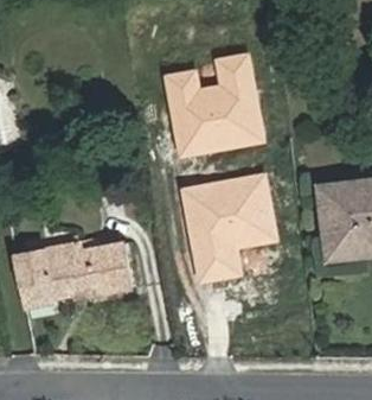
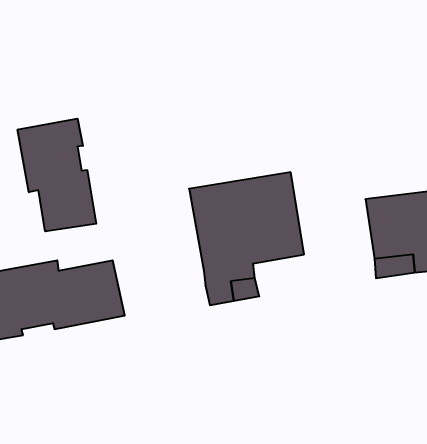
building: [166,53,263,151] -> none
building: none -> [18,119,96,231]

